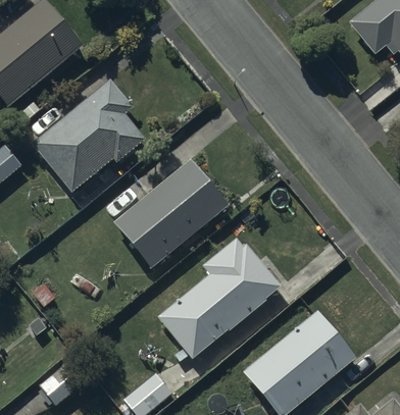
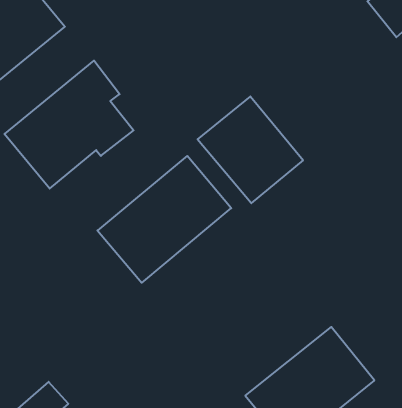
building: none -> [198,96,303,203]
building: [159,237,281,358] -> none

